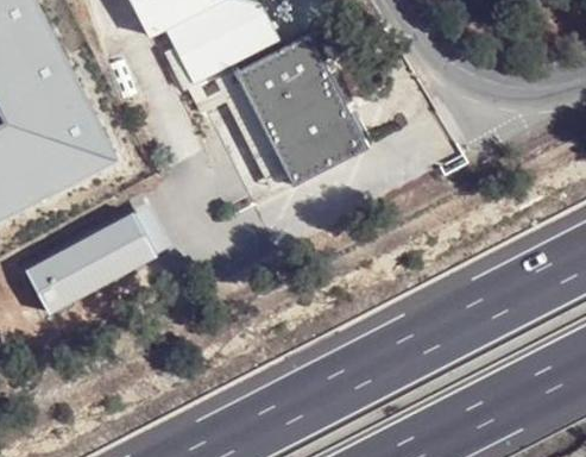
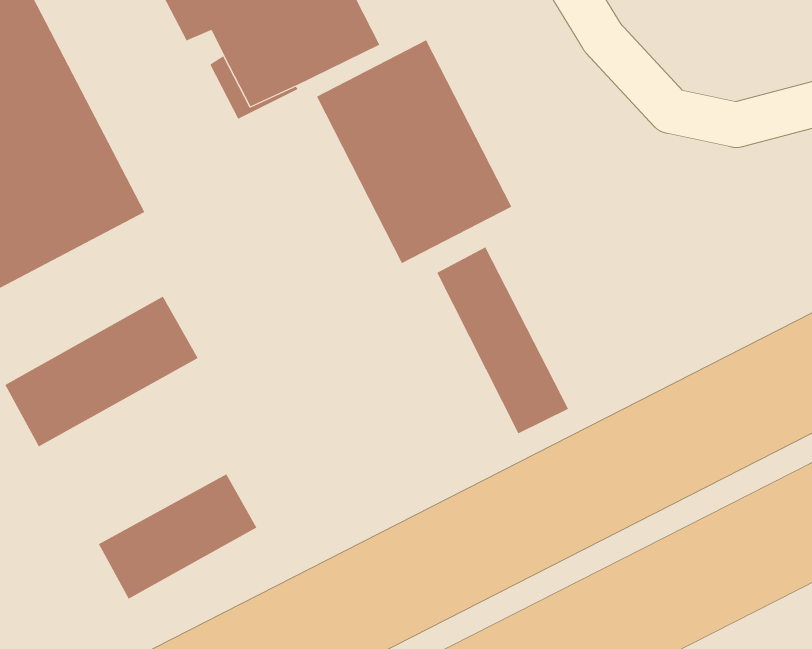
building: none -> [436,246,569,434]
building: none -> [98,473,257,599]

